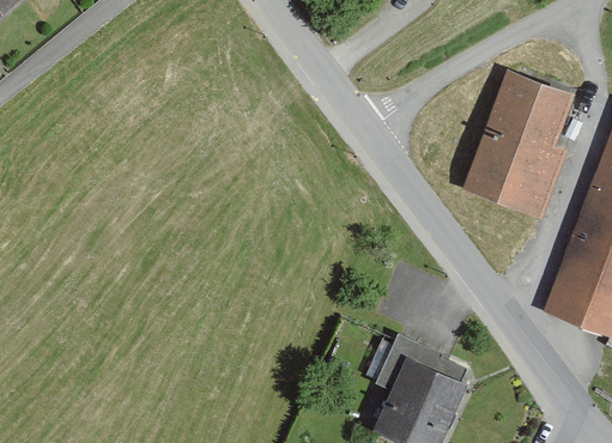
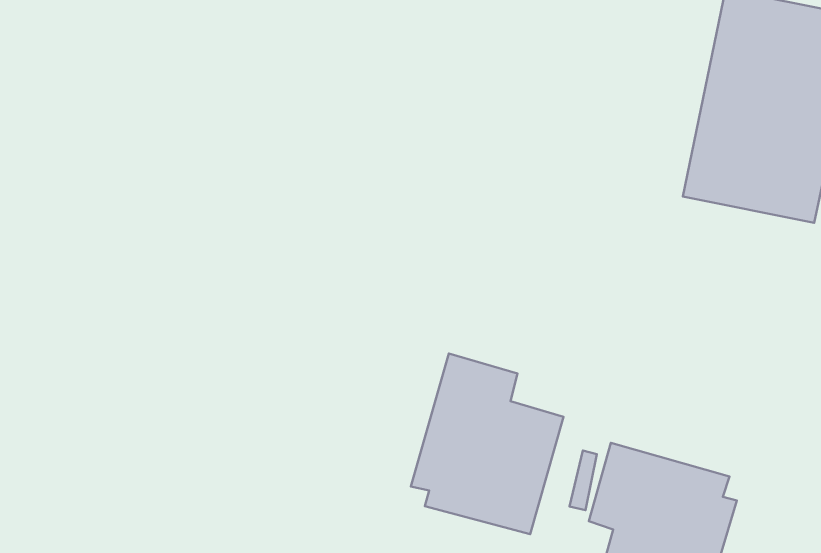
building: none -> [411,353,563,534]

